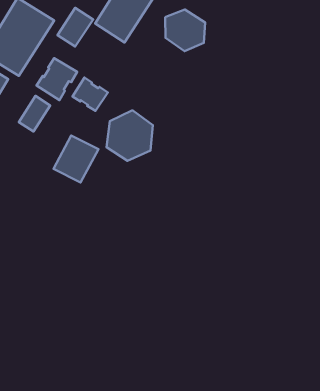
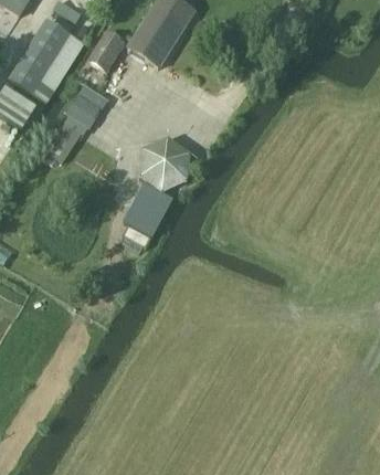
building: [165,9,205,51] -> none
building: [72,77,108,111] -> none
building: [53,135,98,183] -> [124,186,171,235]

